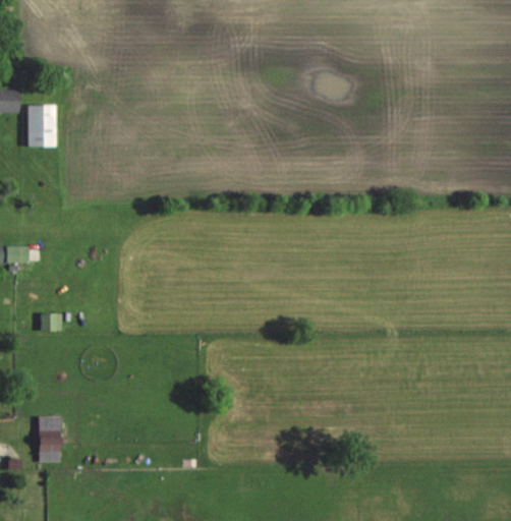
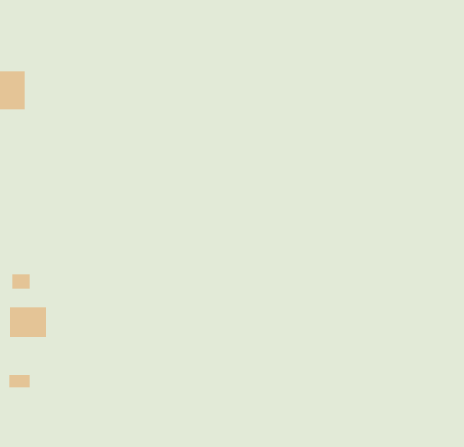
building: none -> [9,307,47,338]
building: [38,436,60,461] -> none

